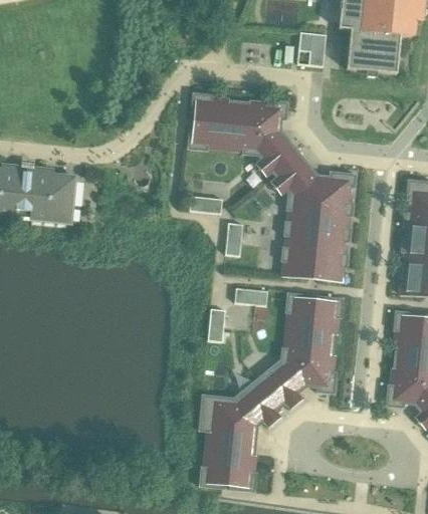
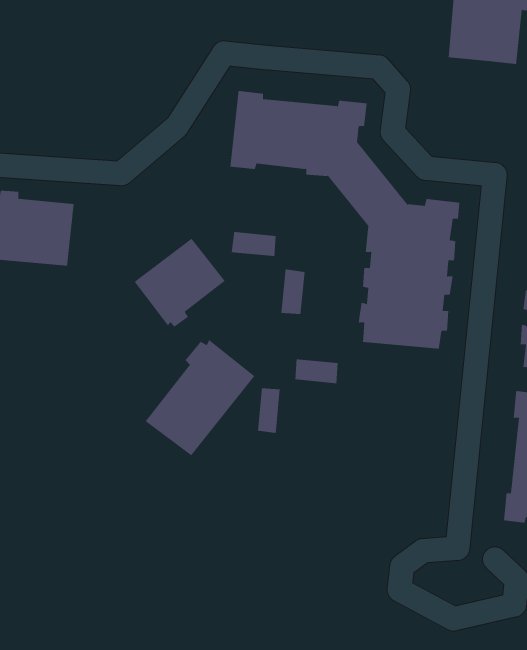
building: [296,31,326,65] -> none
building: none -> [134,238,226,328]
building: none -> [145,339,255,456]
building: [198,292,343,491] -> none

